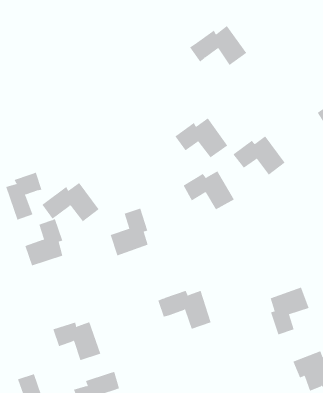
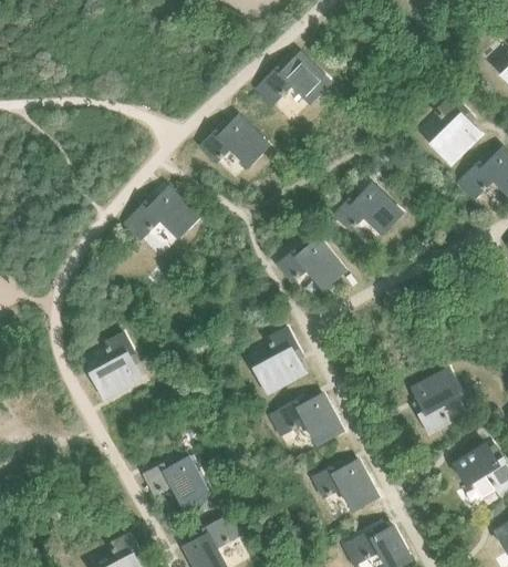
building: [174,118,228,158] -> [199,115,269,166]
building: [5,172,42,220] -> none
building: [41,182,99,222] -> [124,187,198,240]
building: [110,208,148,256] -> [253,328,304,394]
building: none -> [312,460,377,511]

